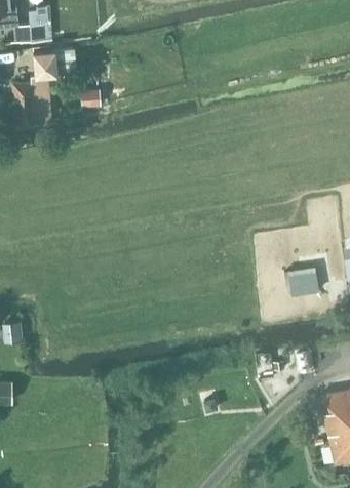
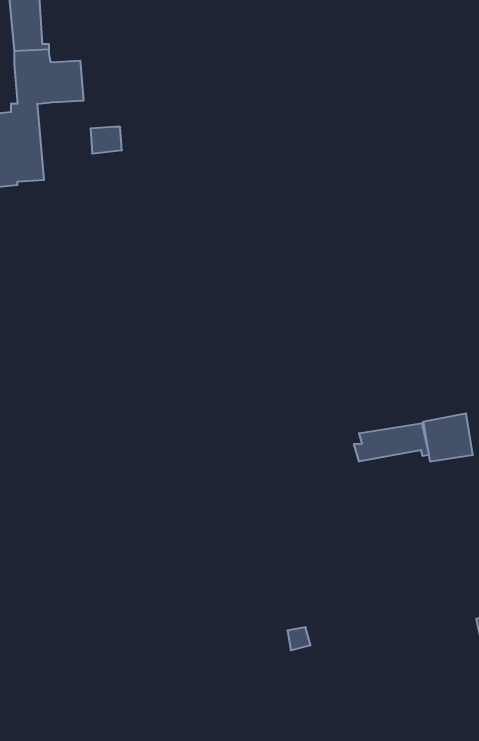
building: none -> [354,423,429,462]

